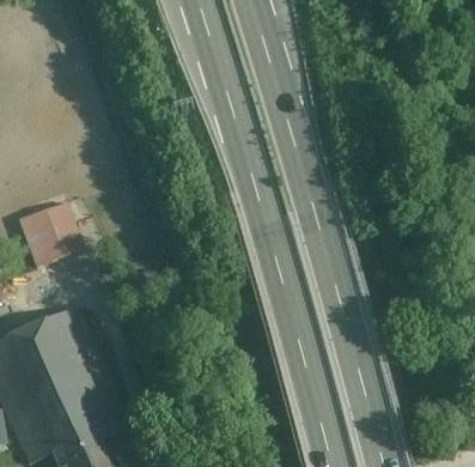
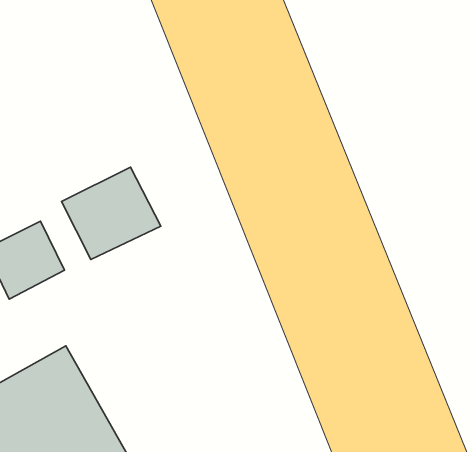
building: none -> [62,167,161,259]

